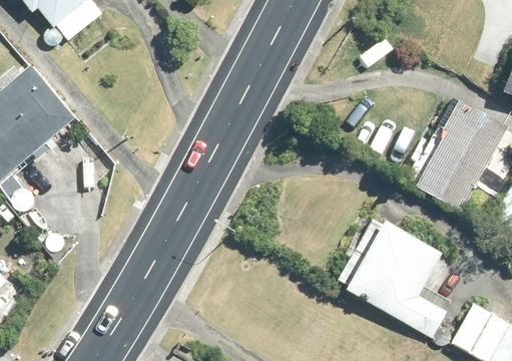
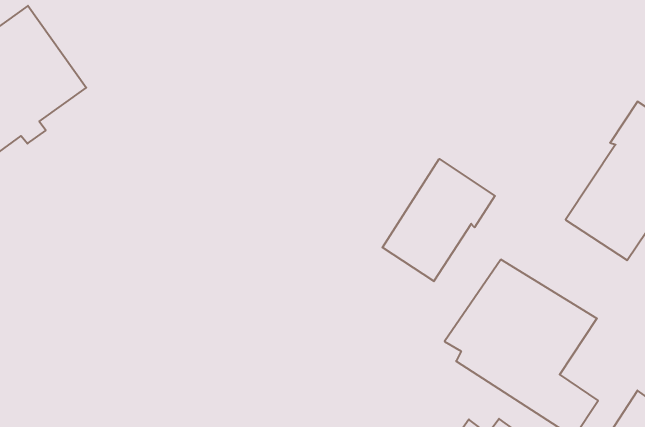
building: none -> [382,159,495,281]

